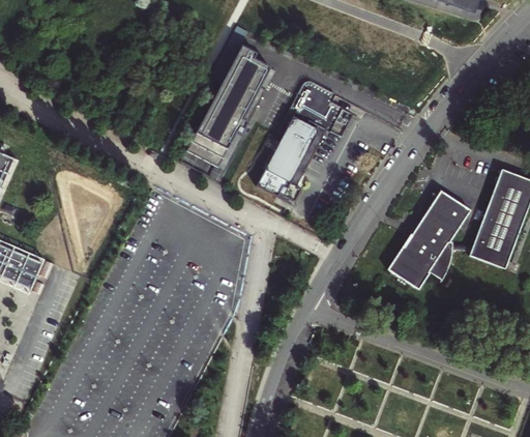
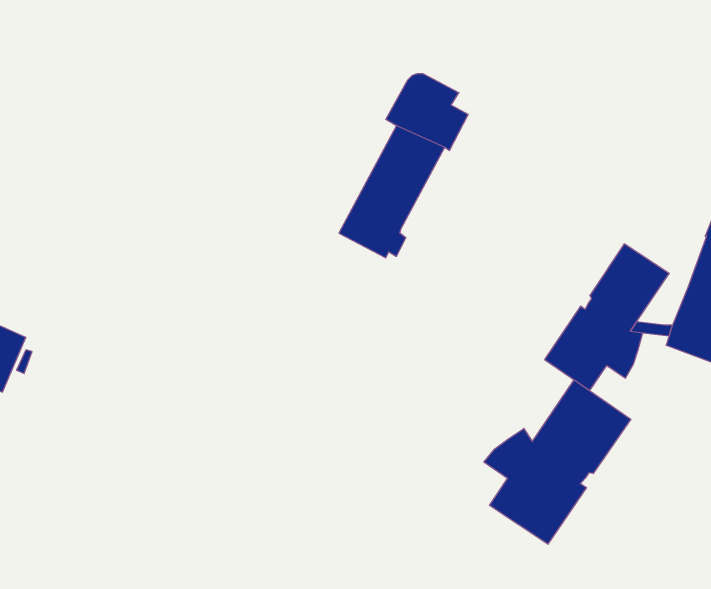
building: [181,42,266,165] -> none
building: none -> [484,380,631,544]

